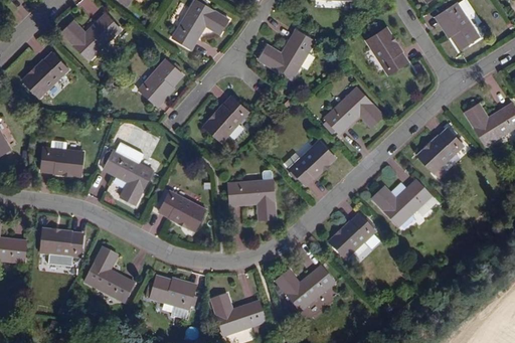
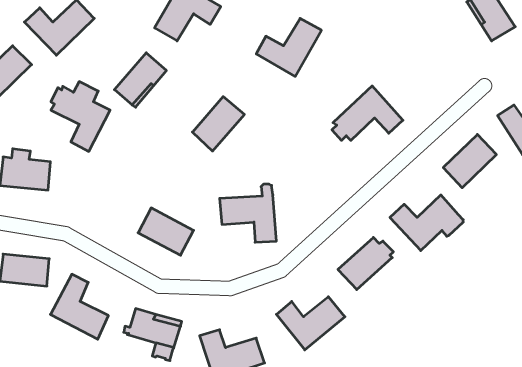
building: [366,27,407,73] -> none
building: [289,140,335,185] -> none
building: [103,145,153,204] -> [51,82,110,151]

